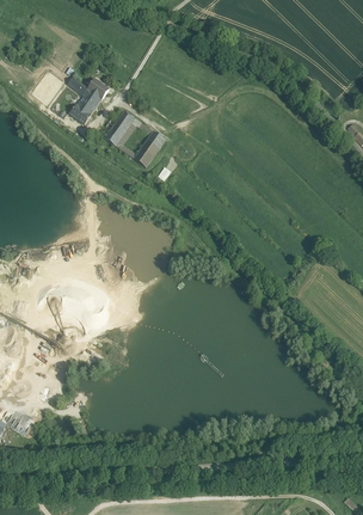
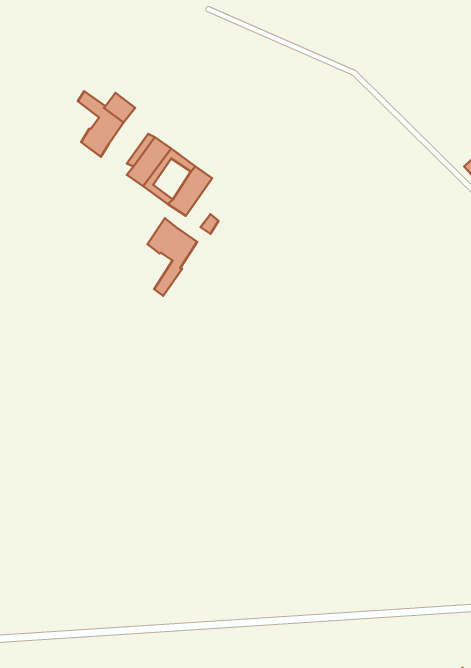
building: none -> [148,218,197,296]

